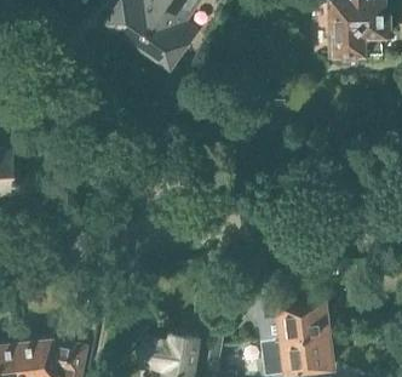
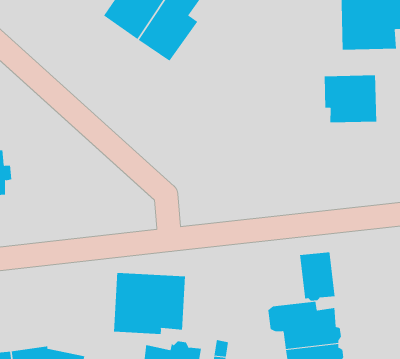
building: none -> [324,75,377,123]
building: none -> [299,252,335,301]
building: none -> [114,272,185,335]

